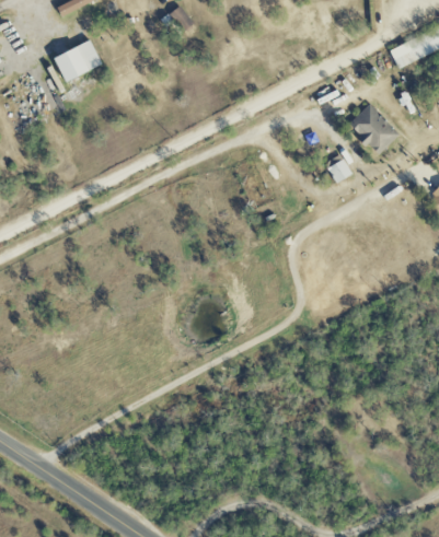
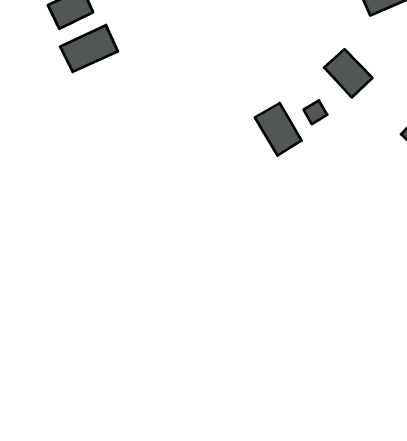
building: none -> [60,25,118,72]
building: none -> [255,103,302,156]

